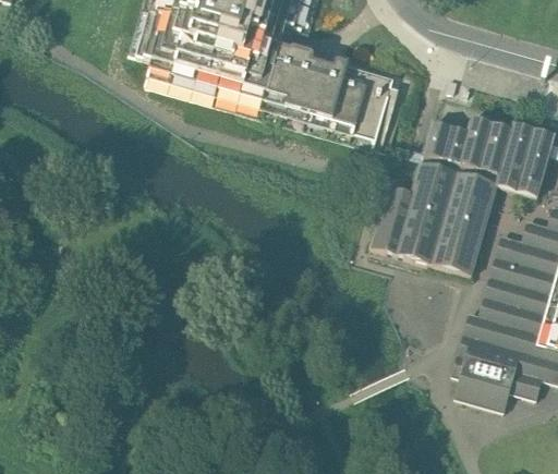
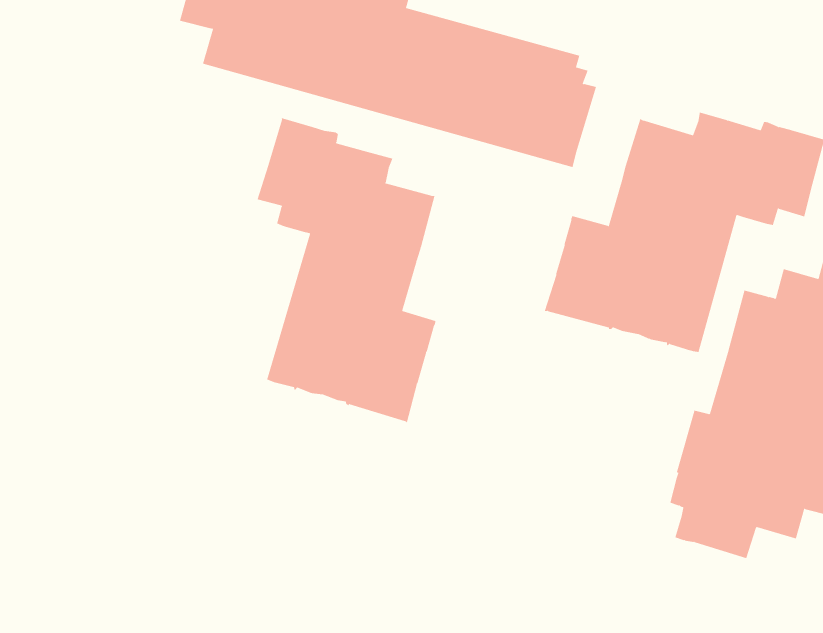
building: none -> [257,117,436,423]

